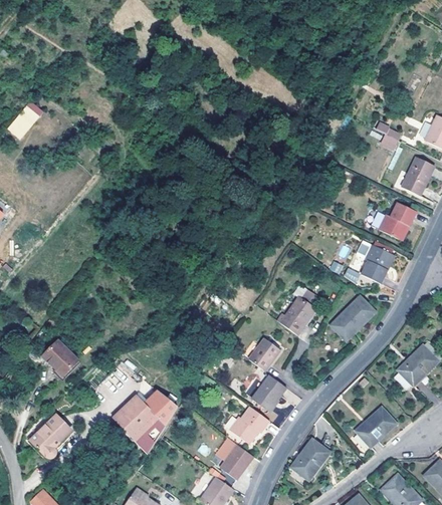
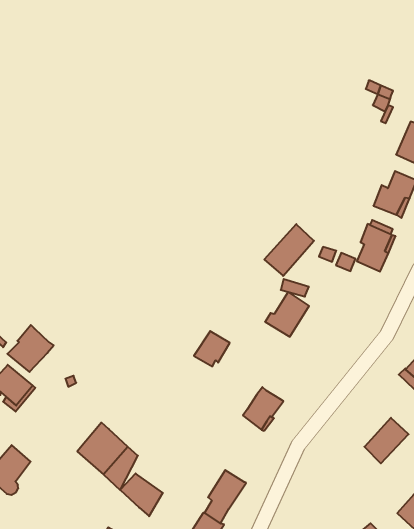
building: [329,296,373,339] -> [264,224,314,276]
building: none -> [7,325,54,372]
building: [250,339,281,369] -> [194,331,230,366]
building: [141,390,177,427] -> [120,473,163,516]
building: [231,406,271,445] -> none
building: [291,441,328,481] -> none

